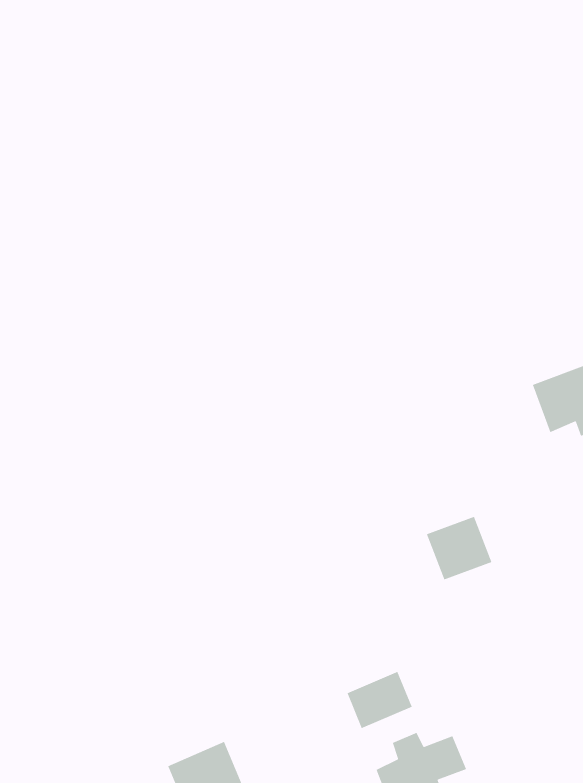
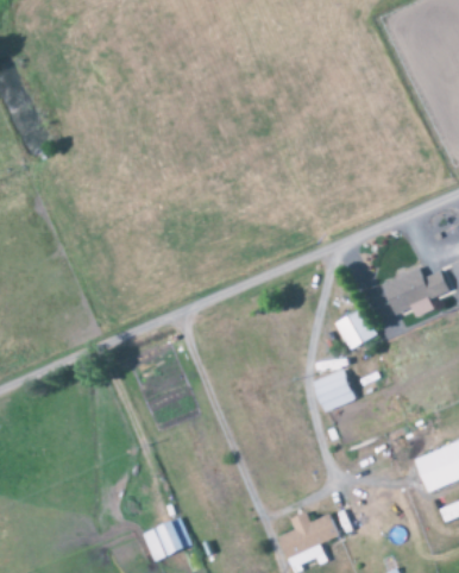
building: none -> [335,308,375,348]
building: [346,671,413,729] -> none

